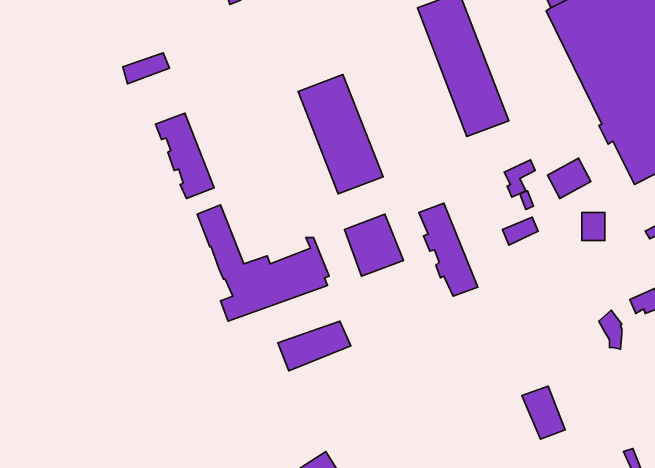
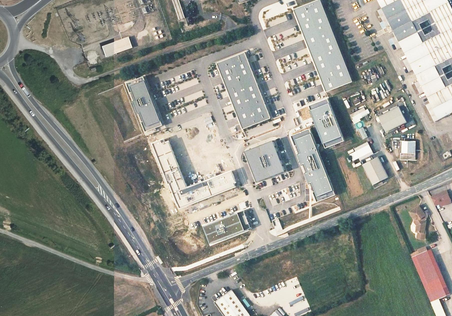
building: none -> [308,97,344,147]
building: none -> [361,156,388,184]
building: [522,386,565,439] -> [410,250,438,284]

